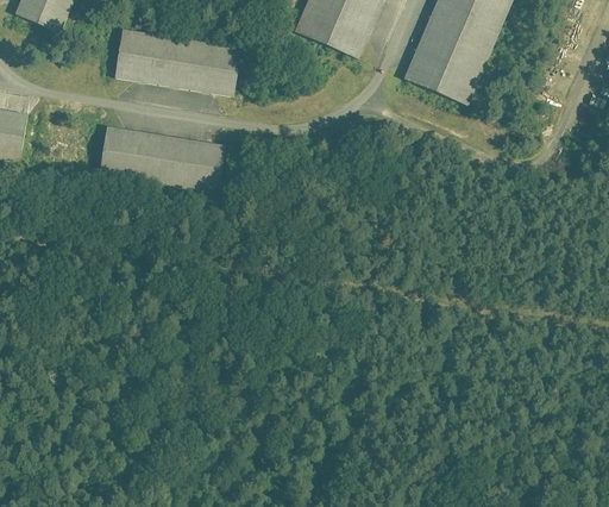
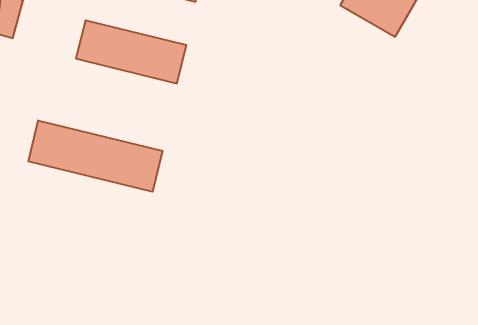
building: none -> [28,120,163,192]

